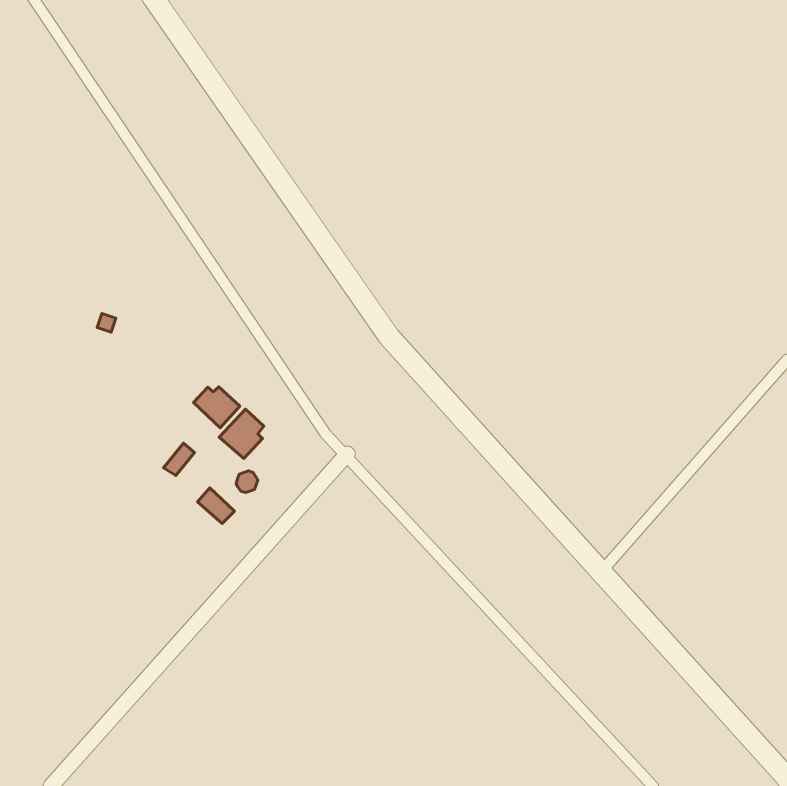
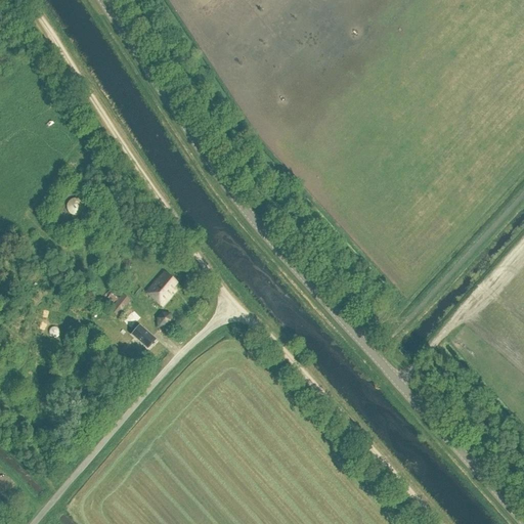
building: [194,387,240,428] -> none

